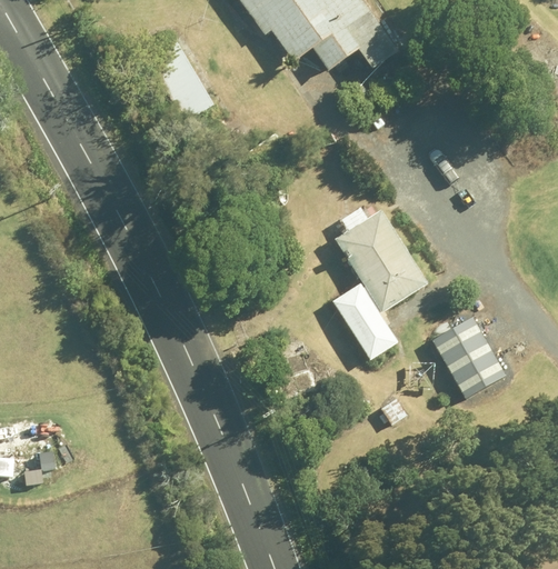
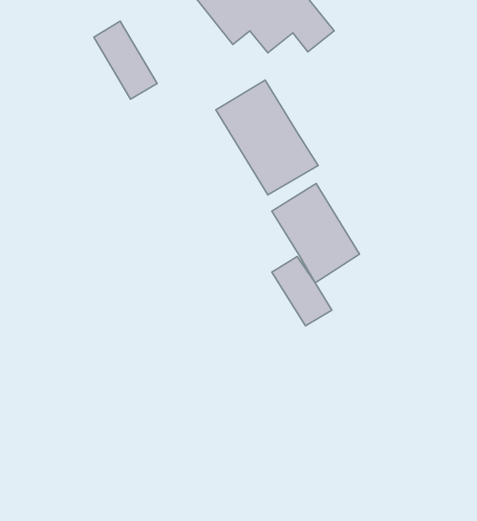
building: none -> [216,80,318,195]
building: [434,318,502,396] -> none

